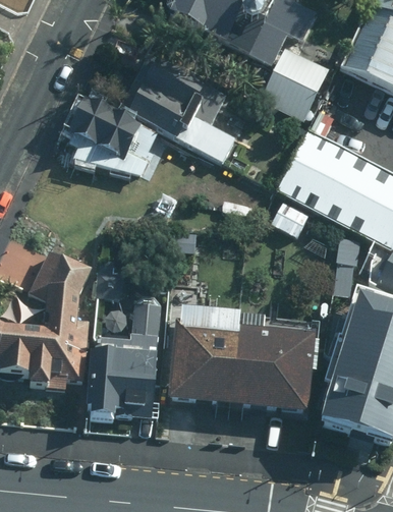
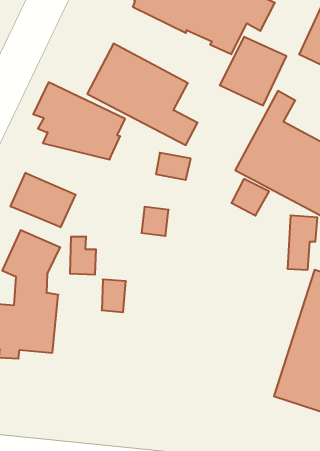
building: none -> [11,173,76,227]
building: [166,306,313,412] -> none
building: [86,332,155,419] -> none

